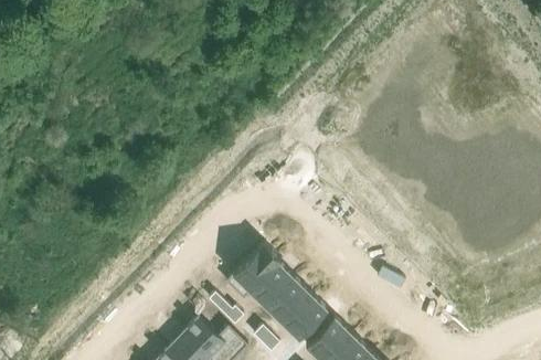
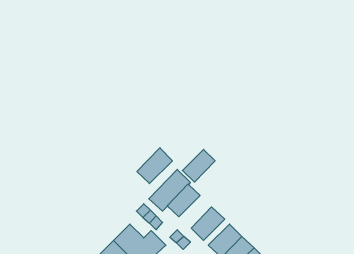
building: none -> [137,148,172,184]
building: [265,279,309,324] -> [182,149,215,182]

